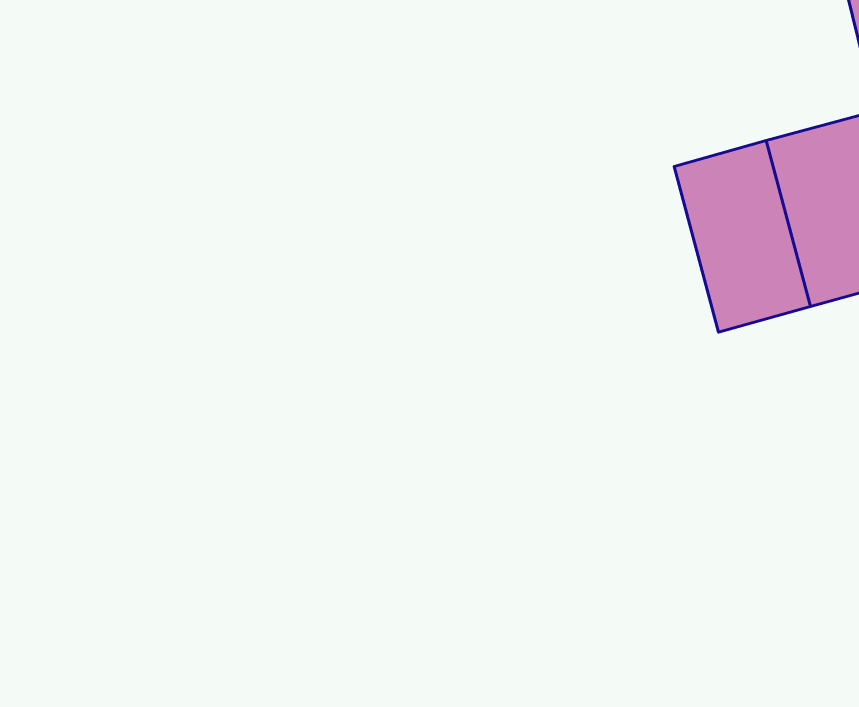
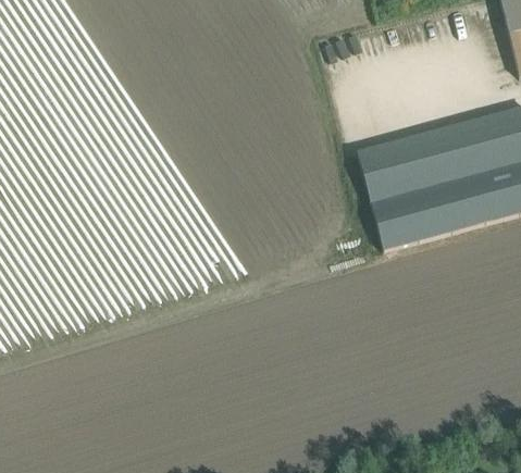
building: none -> [358,137,435,249]

